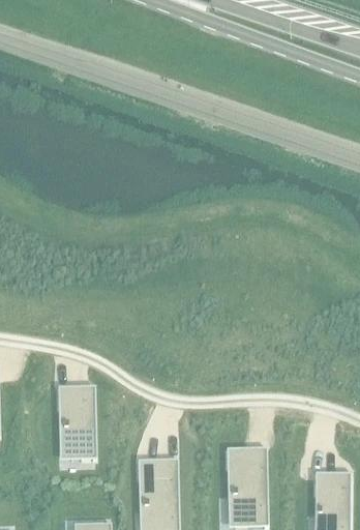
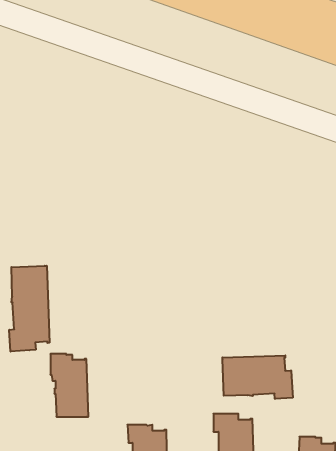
building: none -> [9,266,49,352]
building: none -> [222,355,293,399]

